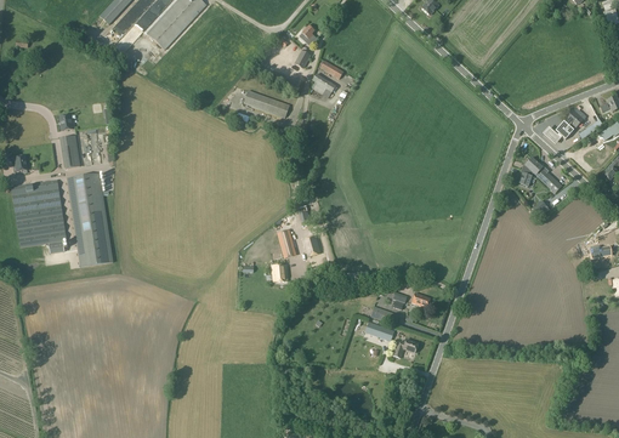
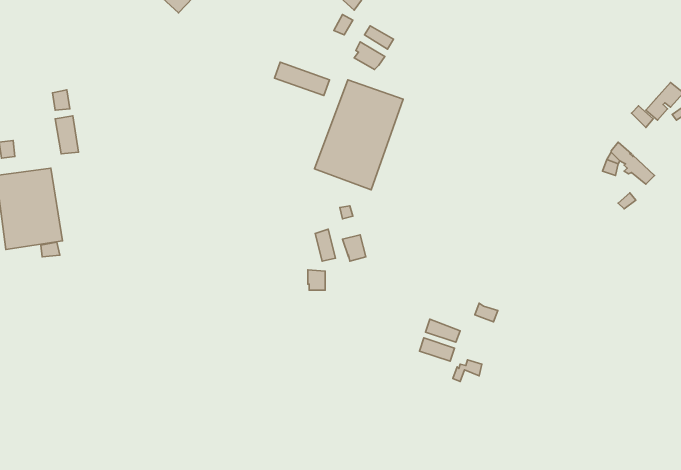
building: none -> [315,80,403,190]
building: [67,172,113,266] -> none

